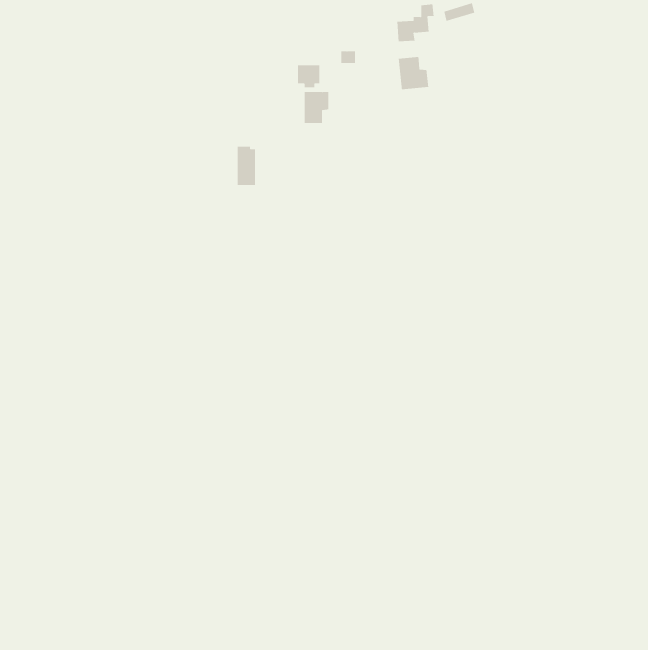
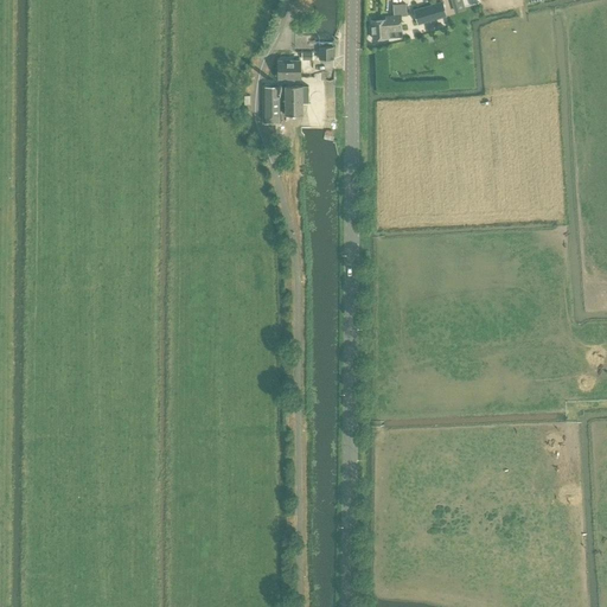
building: [398,56,429,90] -> none
building: [237,146,256,186] -> [262,88,280,124]

